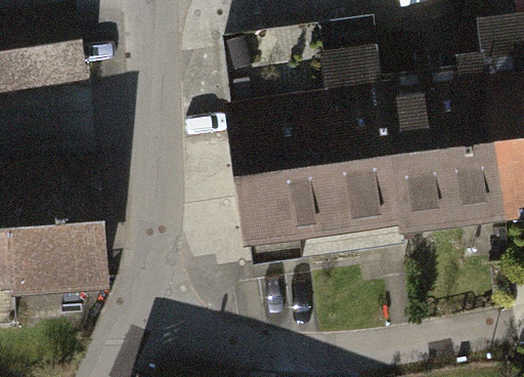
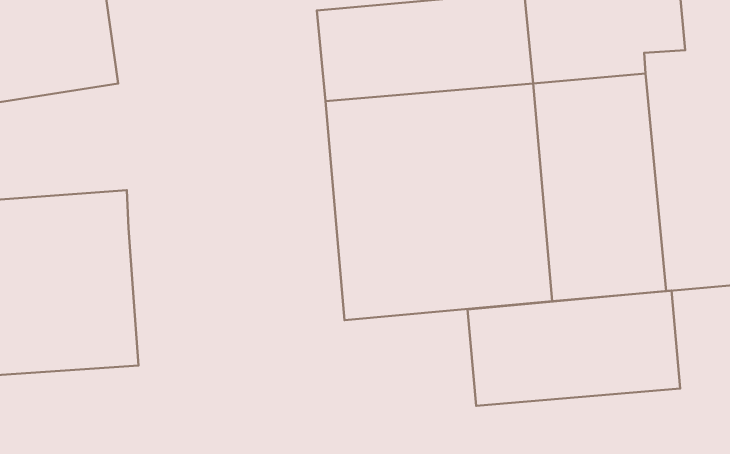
building: none -> [468,291,680,406]

